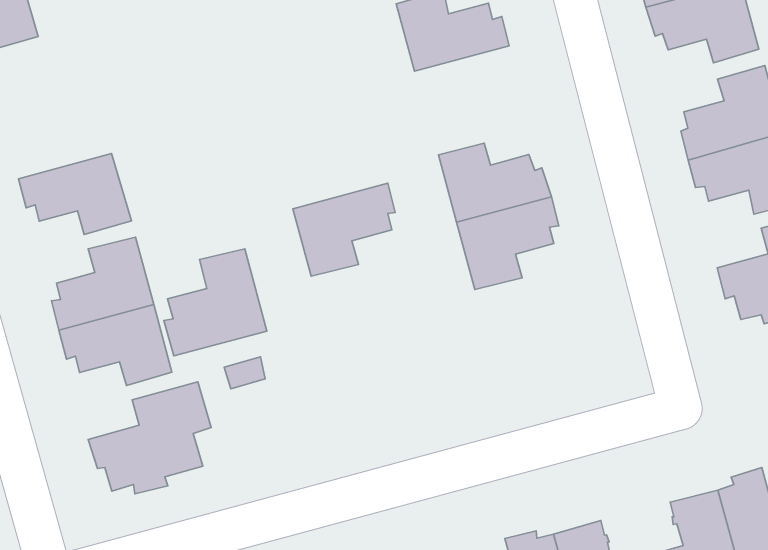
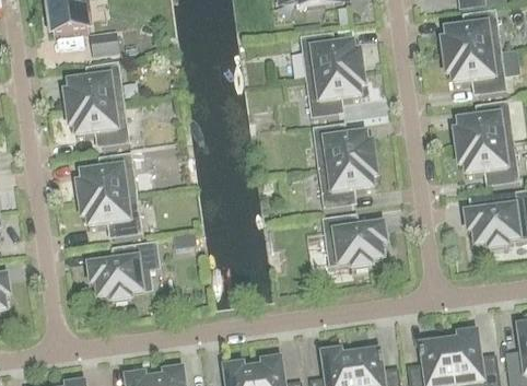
building: none -> [89,27,118,55]
building: none -> [63,60,122,108]
building: [293,183,395,276] -> [304,68,363,116]
building: [164,249,267,356] -> none
building: none -> [321,213,385,267]

